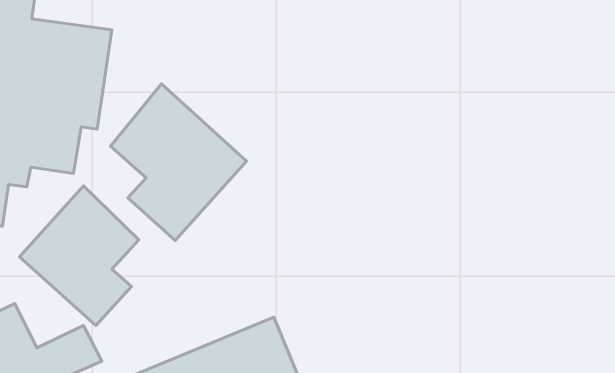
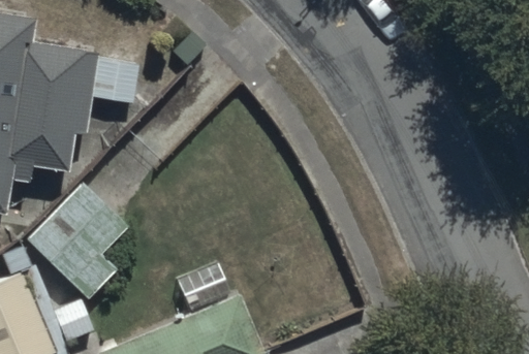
building: [110,84,247,240] -> none

